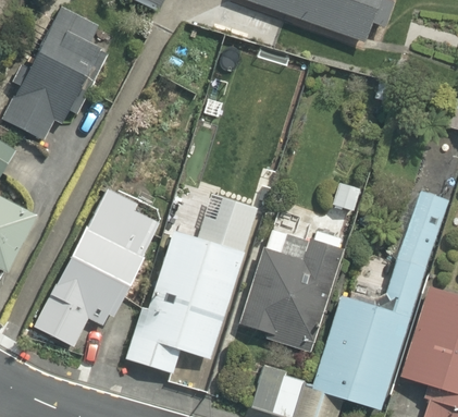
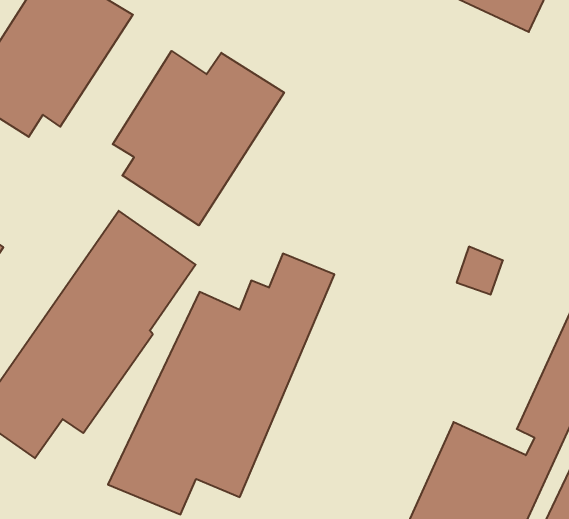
building: none -> [113,51,284,225]
building: [243,216,344,346] -> none

